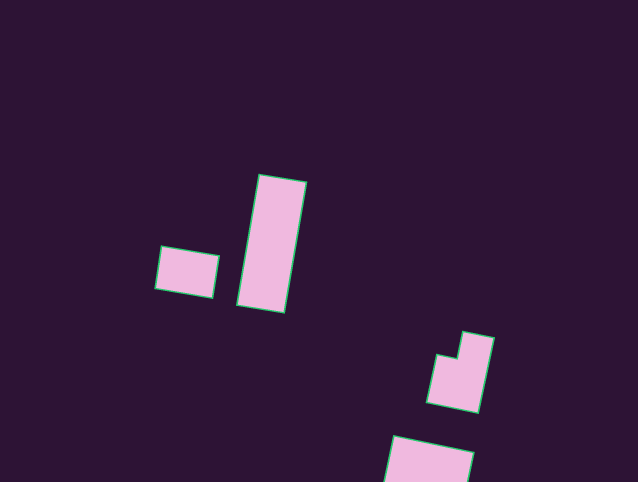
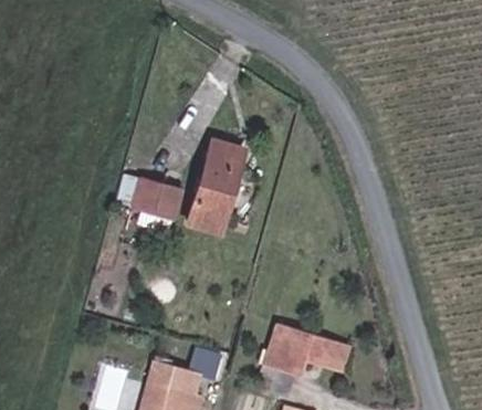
building: [427,331,494,413] -> none

